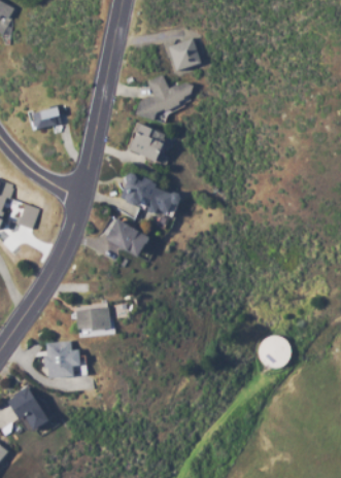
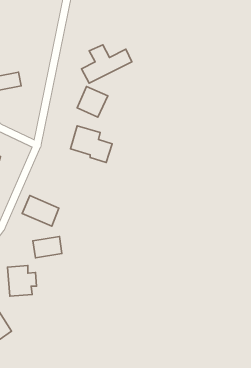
building: [170,38,202,71] -> none
building: [107,219,151,257] -> [22,195,59,226]
building: [257,336,289,369] -> none

